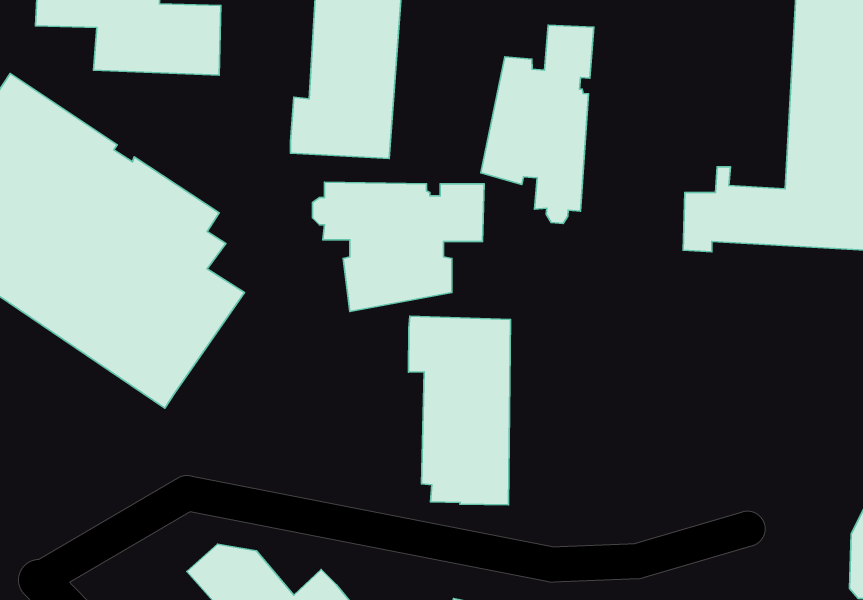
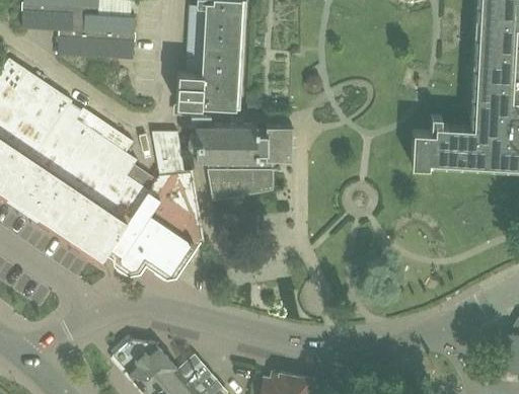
building: [481,25,594,224] -> none
building: none -> [107,132,204,275]
building: [409,316,511,505] -> none

